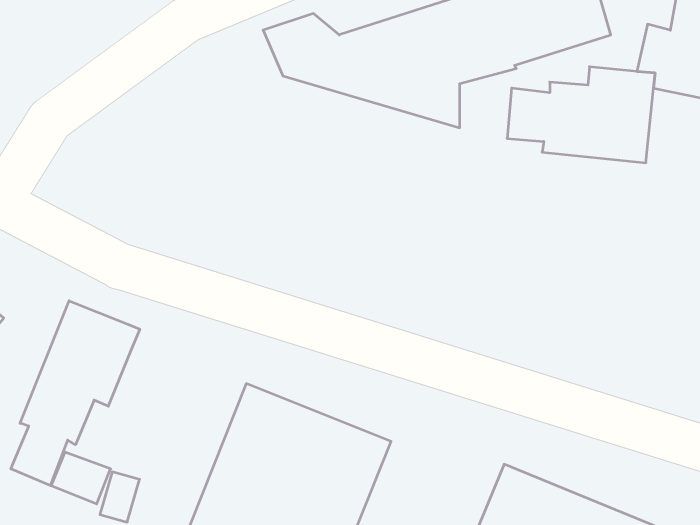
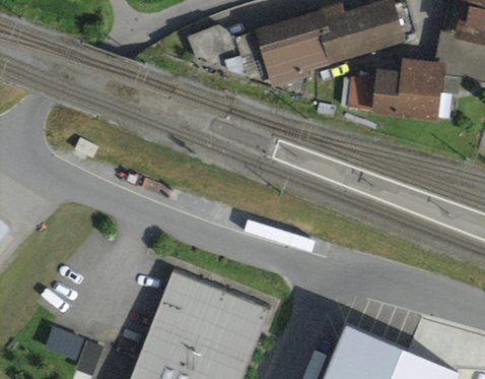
building: [11,301,140,485] -> none

